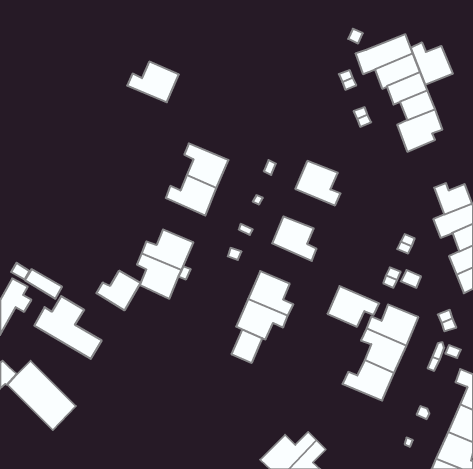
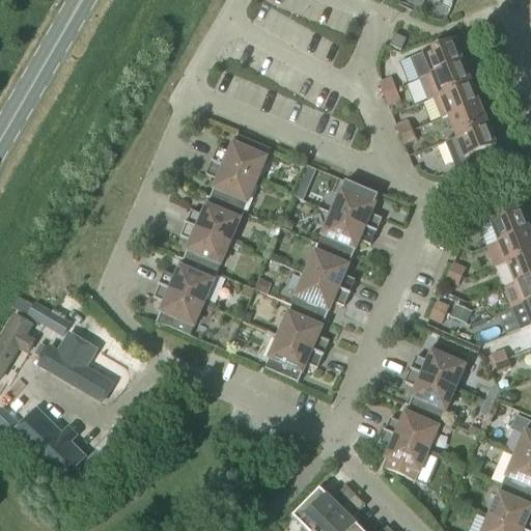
building: [411,42,453,85] -> none
building: [127,62,179,102] -> [212,134,270,179]
building: none -> [317,212,375,256]
building: none -> [179,222,230,272]
building: [96,271,141,310] -> none
building: [327,286,379,327] -> [291,273,350,318]
building: [232,329,262,363] -> none
building: none -> [379,430,428,480]

